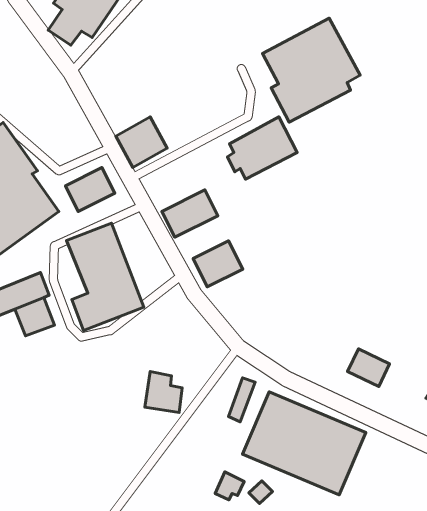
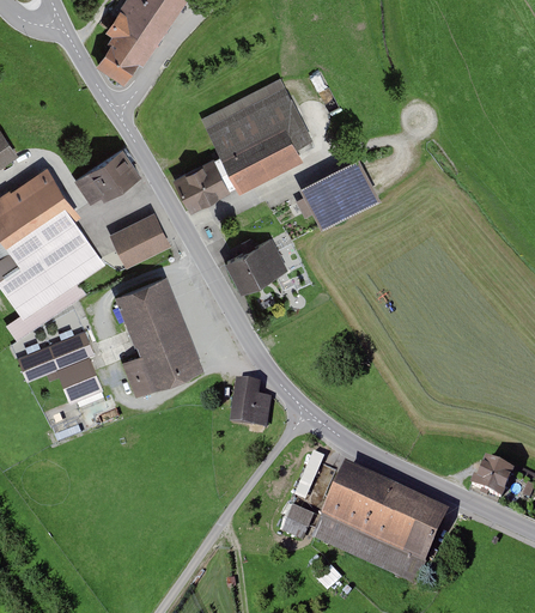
building: [262,18,360,122] -> [205,80,314,196]
building: none -> [74,152,139,206]
building: [193,241,243,287] -> none
building: [348,349,390,386] -> [464,457,511,499]
building: [145,372,182,412] -> [230,381,272,426]
building: [215,472,244,500] -> [280,506,312,538]

